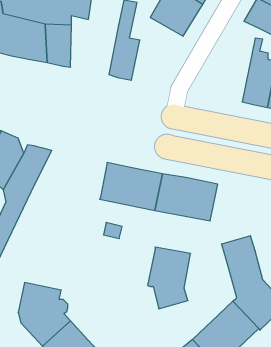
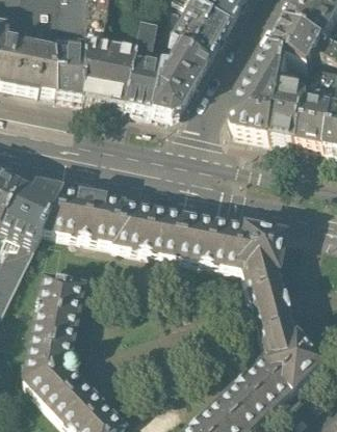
building: none -> [80,38,133,104]
building: none -> [148,45,205,114]
building: none -> [231,45,288,134]
building: none -> [41,188,121,240]
building: none -> [29,272,82,343]
building: [148,247,191,309] -> [235,223,283,292]

